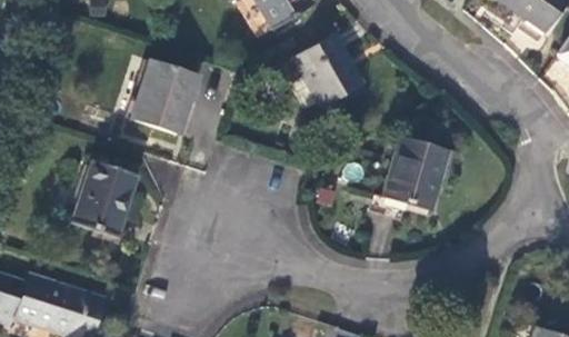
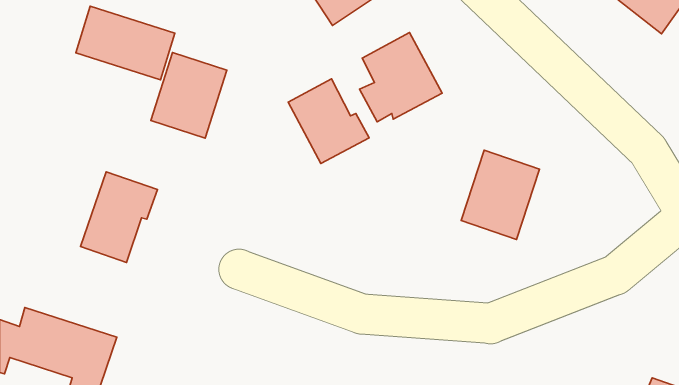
building: none -> [76,6,175,80]
building: none -> [288,79,369,164]

